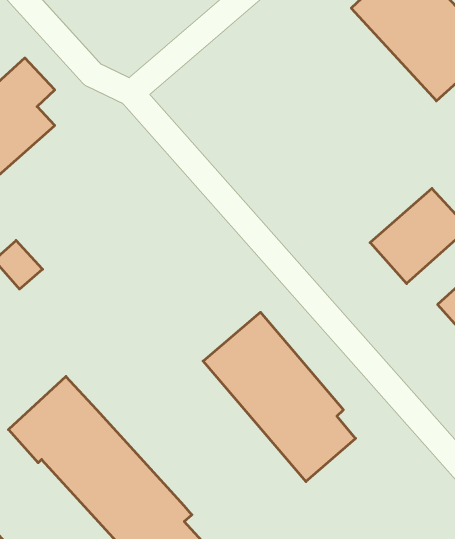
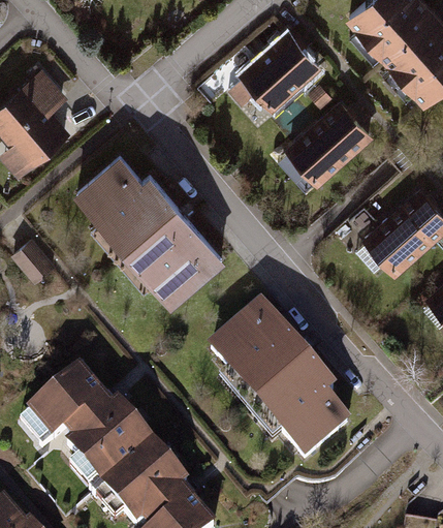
building: none -> [238,33,323,118]
building: none -> [283,101,372,188]
building: none -> [70,152,226,310]

